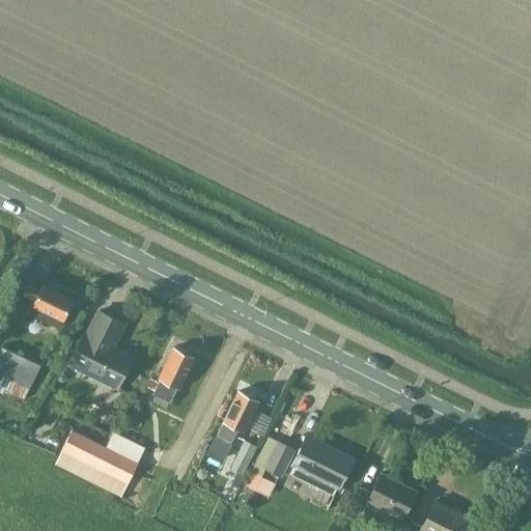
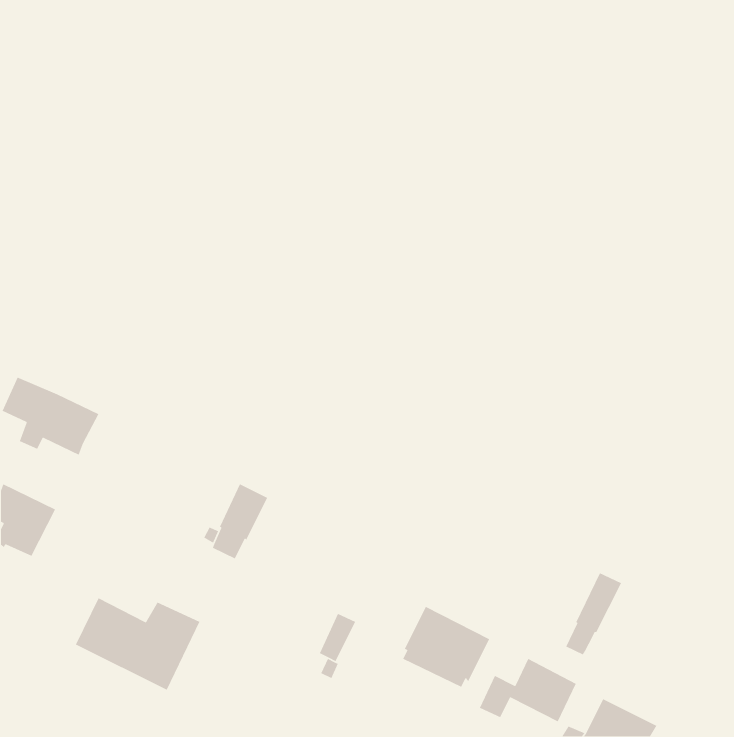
building: [67,311,134,389] -> none
building: [209,392,260,458] -> none
building: none -> [565,572,622,656]
building: [251,437,294,479] -> none

